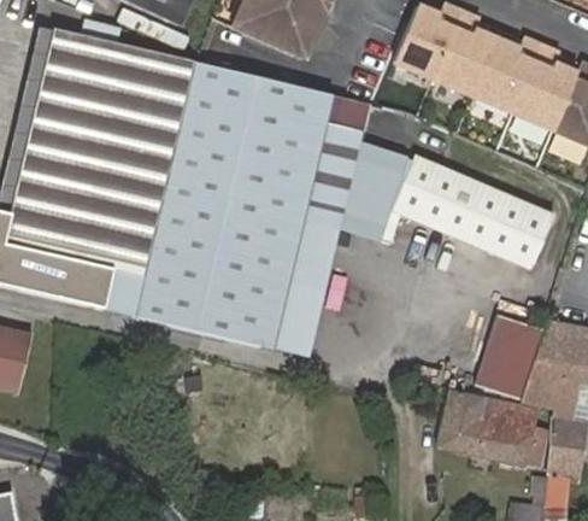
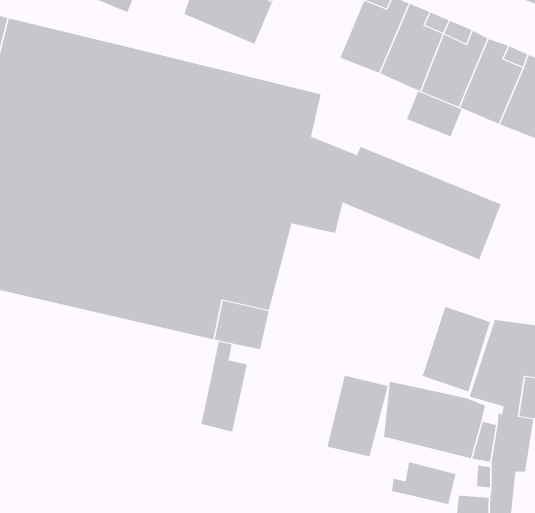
building: none -> [406,91,462,137]
building: none -> [201,341,247,433]
building: none -> [327,375,389,457]
building: none -> [391,462,456,505]

